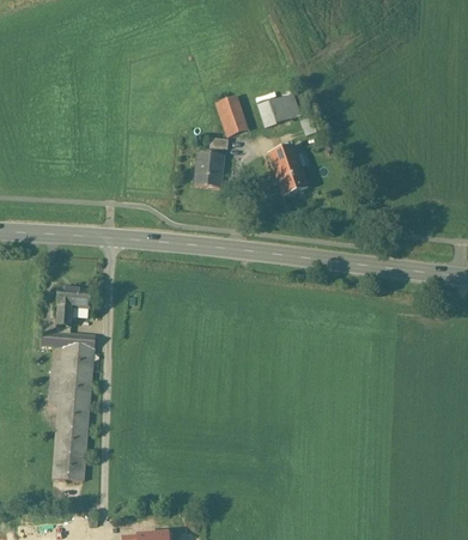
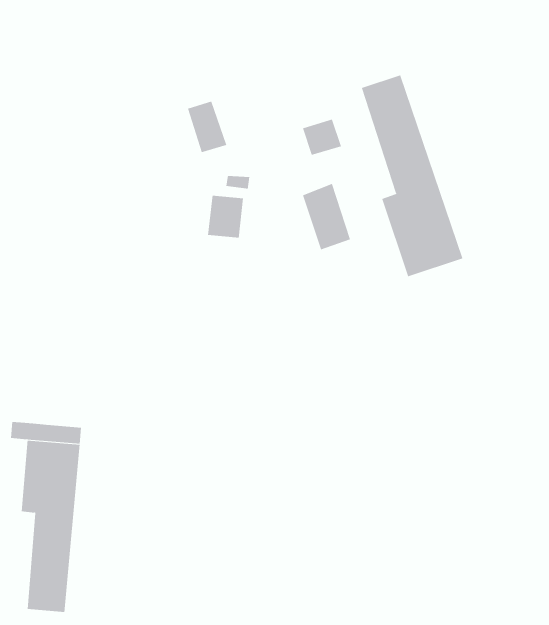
building: none -> [361,75,463,277]
building: [215,96,247,136] -> [187,101,227,153]
building: [55,287,89,326] -> none

